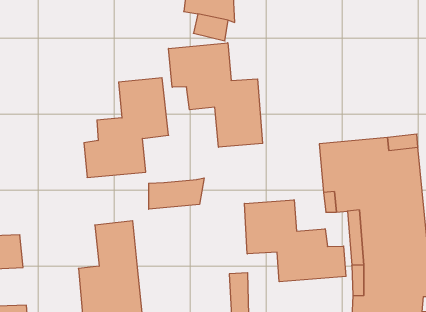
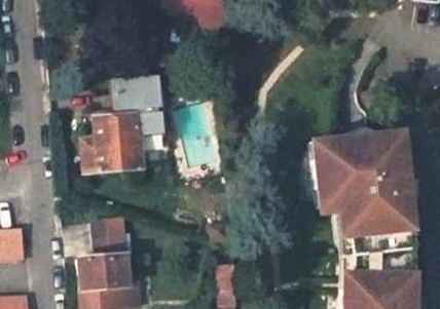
building: [169,43,263,147] -> none
building: [149,178,204,209] -> none
building: [244,200,346,282] -> none

